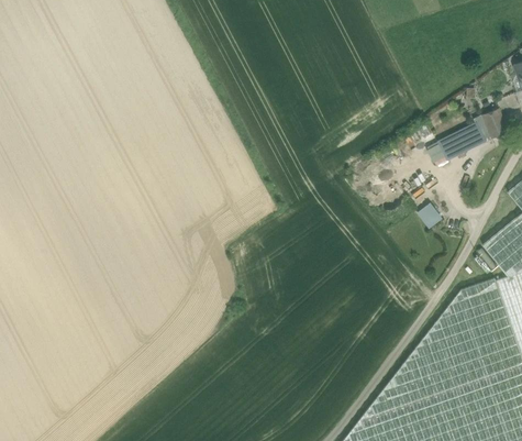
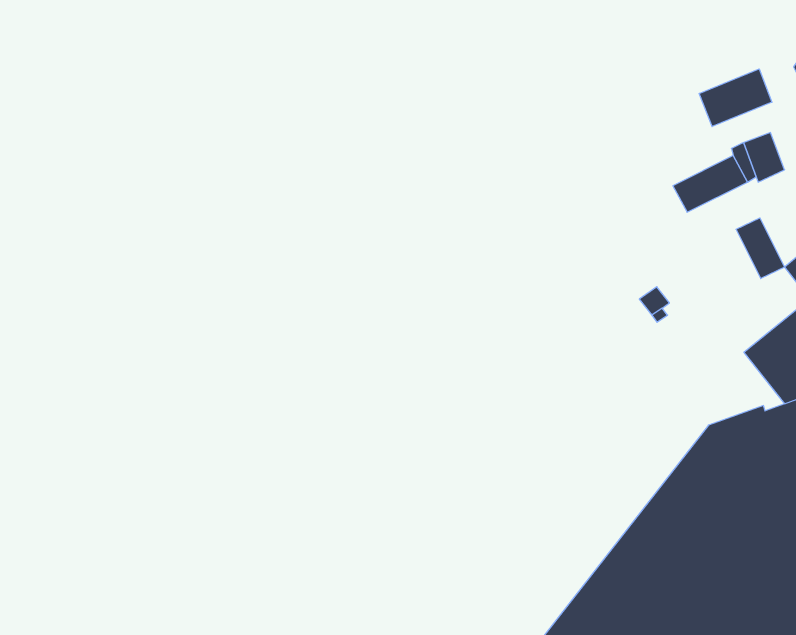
building: none -> [699,69,772,127]
building: none -> [736,218,785,279]

